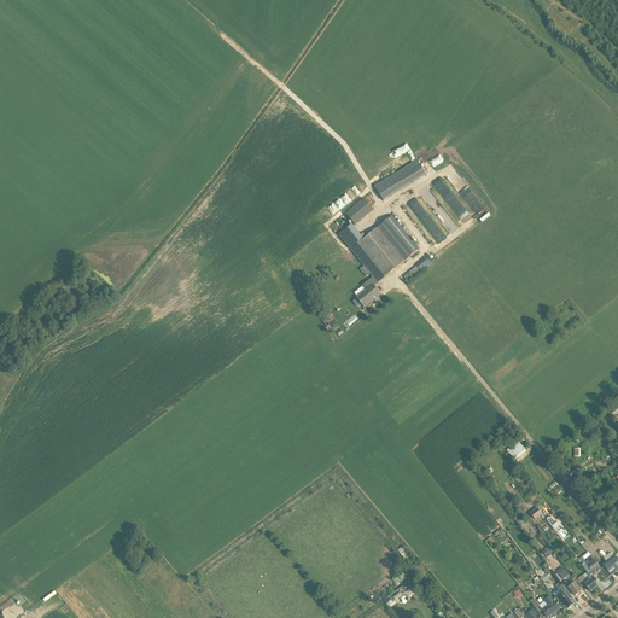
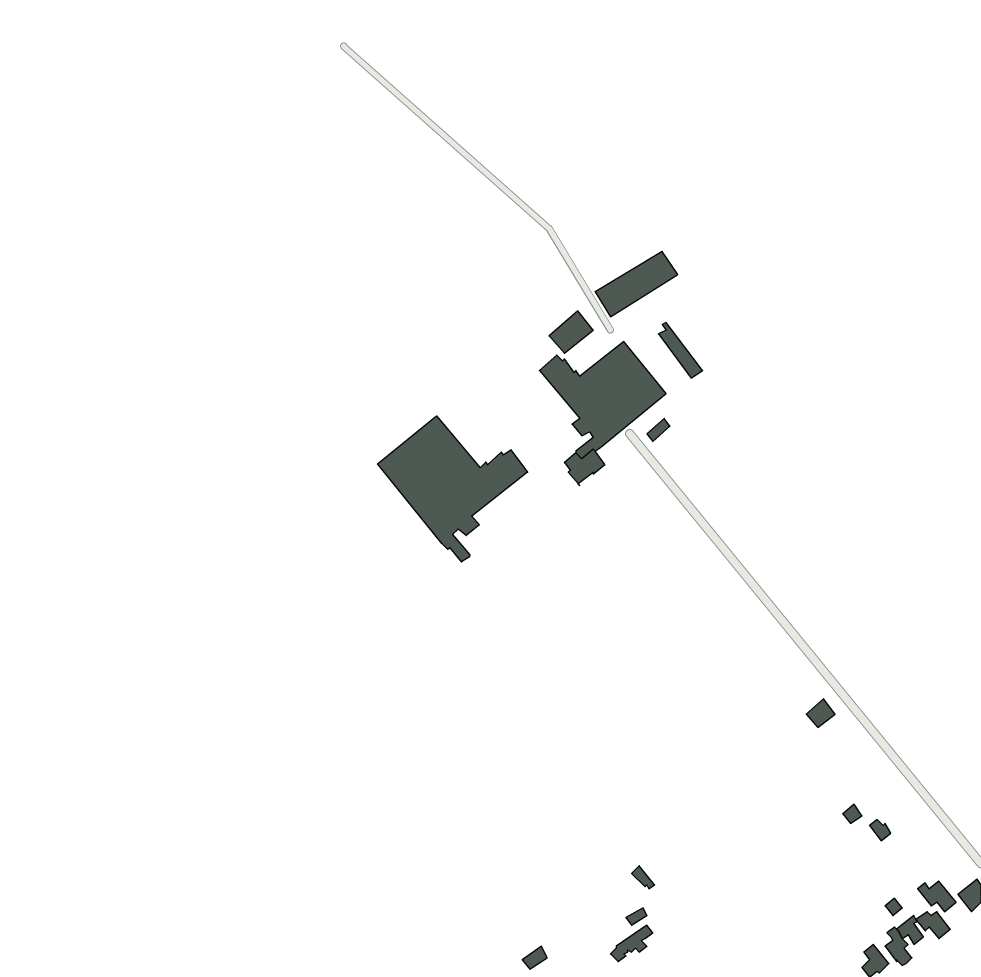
building: none -> [378,416,528,562]

